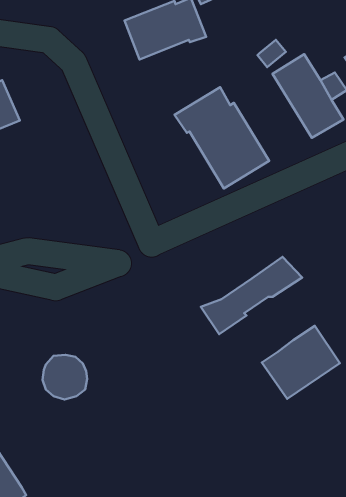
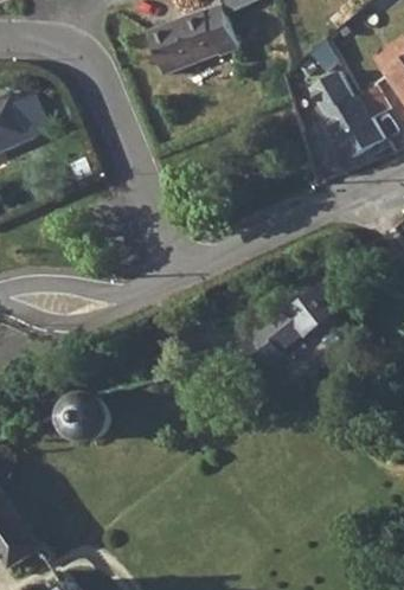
building: [175,87,269,189] -> none
building: [262,326,340,399] -> none

